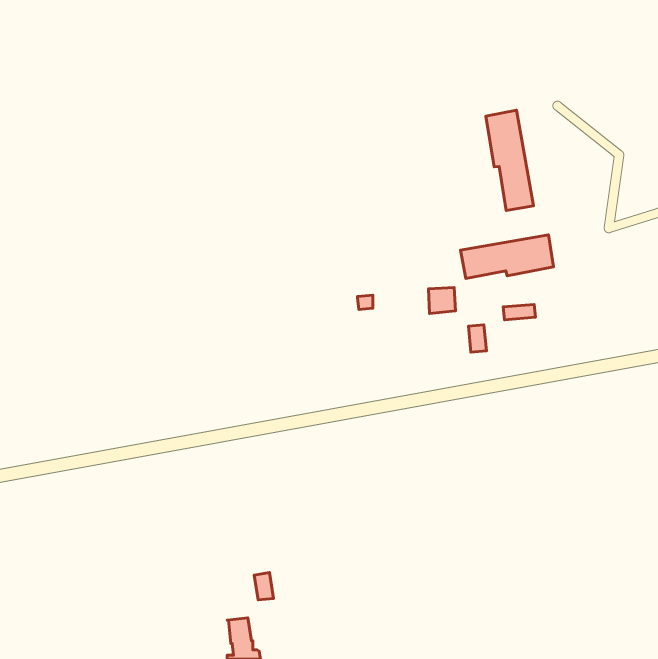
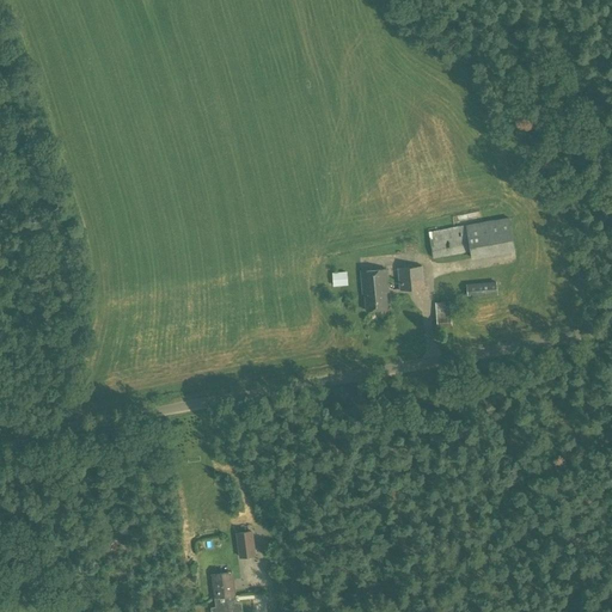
building: [486,110,534,210] -> none
building: none -> [360,269,388,310]

